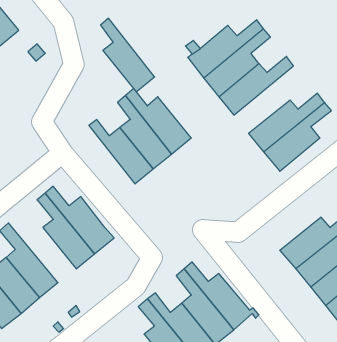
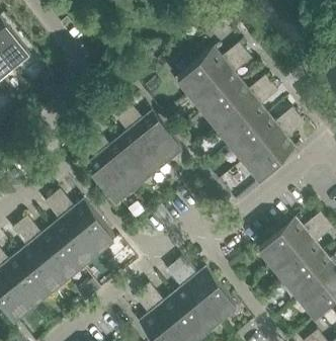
building: [101,18,155,92] -> [84,140,132,204]
building: none -> [219,87,276,147]
building: none -> [20,220,80,278]

